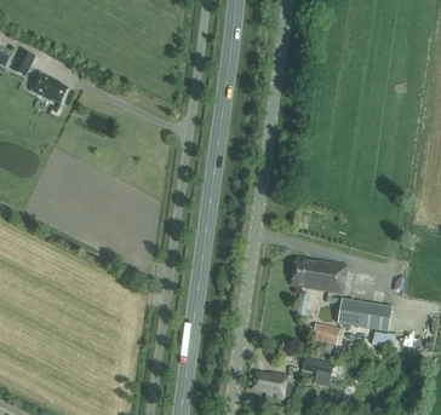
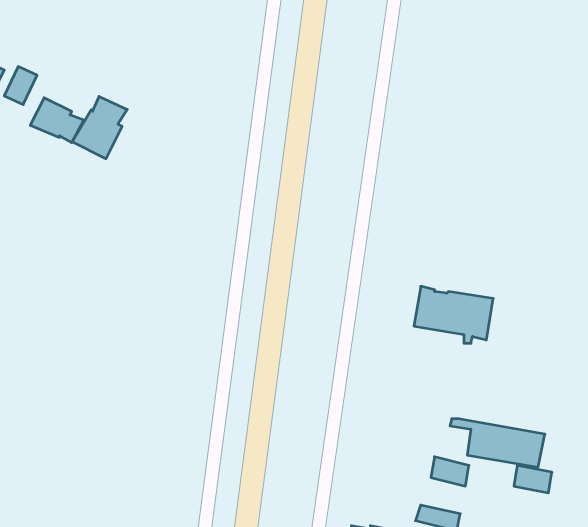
building: none -> [72,96,127,159]
building: [291,257,346,296] -> [414,286,493,343]

